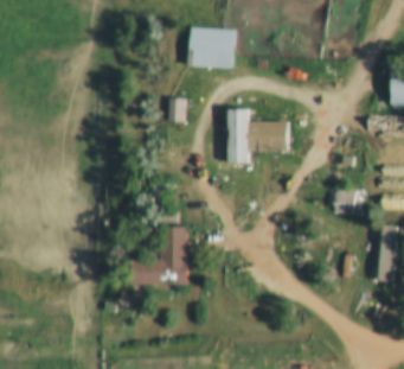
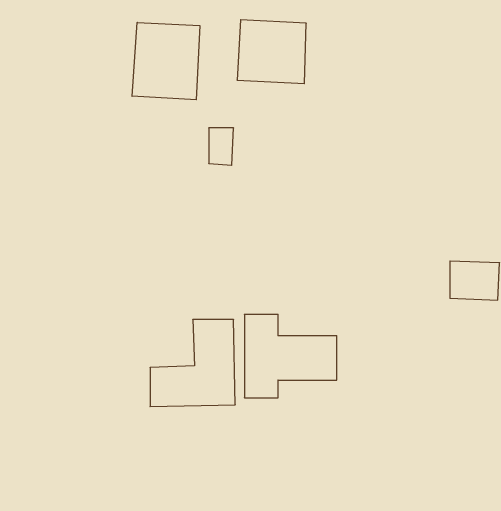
building: none -> [132,22,200,100]
building: [227,108,289,164] -> [244,314,337,398]

